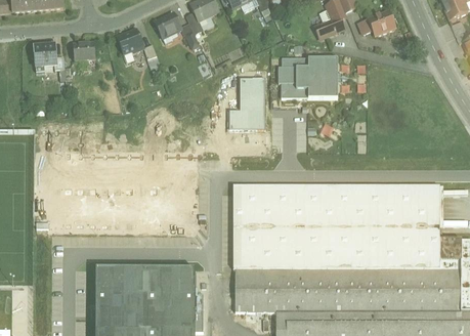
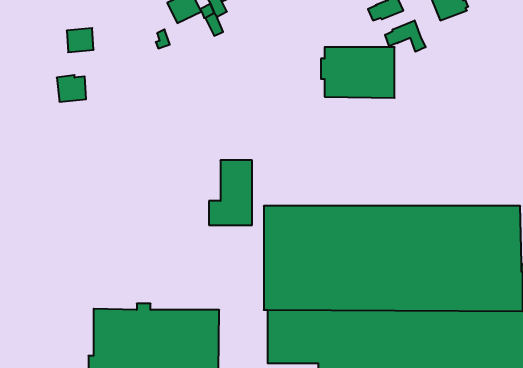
building: [117,28,144,54] -> none
building: none -> [385,20,426,52]
building: [34,44,57,66] -> [57,75,86,102]
building: [230,76,265,128] -> [209,160,252,225]

